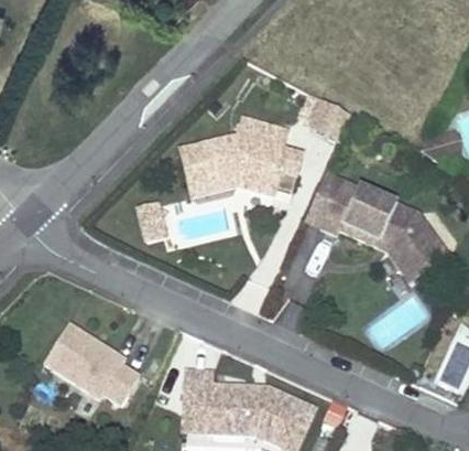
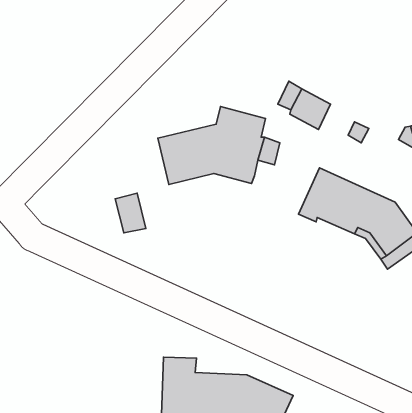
building: [44,323,140,404] -> none

